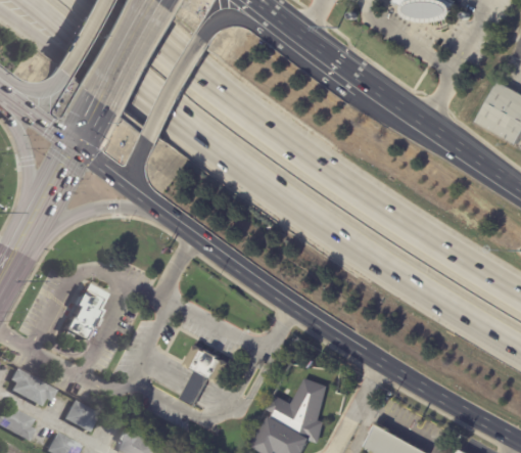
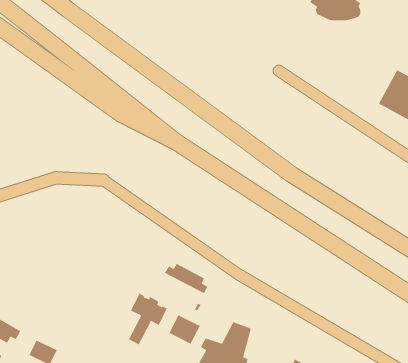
building: [59,283,103,342] -> none
building: none -> [164,263,208,294]
building: none -> [168,314,201,345]

